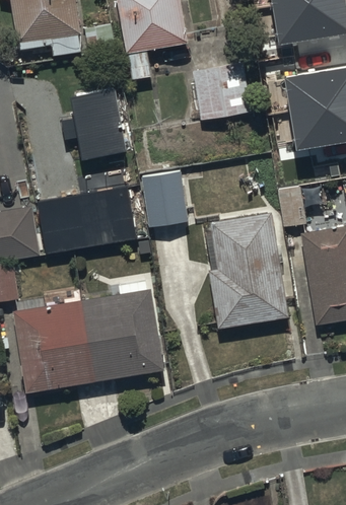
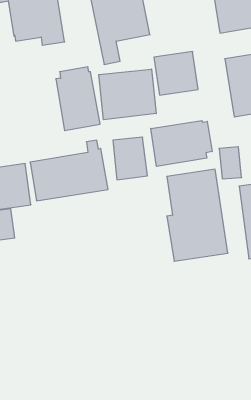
building: none -> [99,69,156,120]
building: none -> [151,121,212,166]
building: [13,283,163,394] -> none

